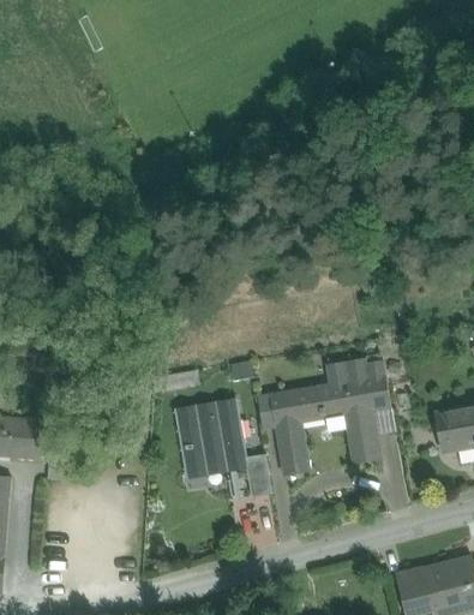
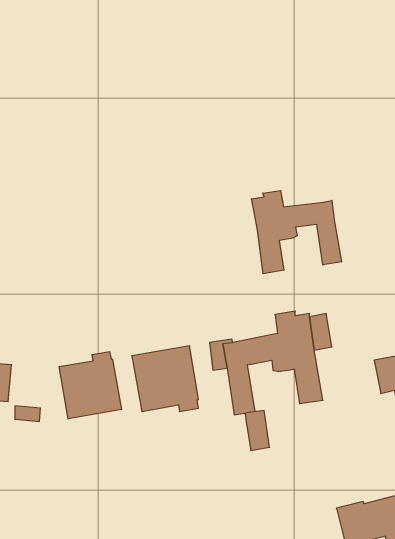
building: none -> [251,191,341,274]
building: none -> [59,352,121,419]
building: [245,455,271,498] -> [245,411,270,451]

